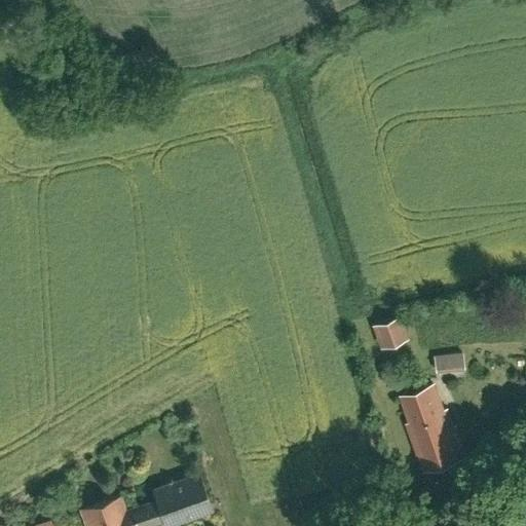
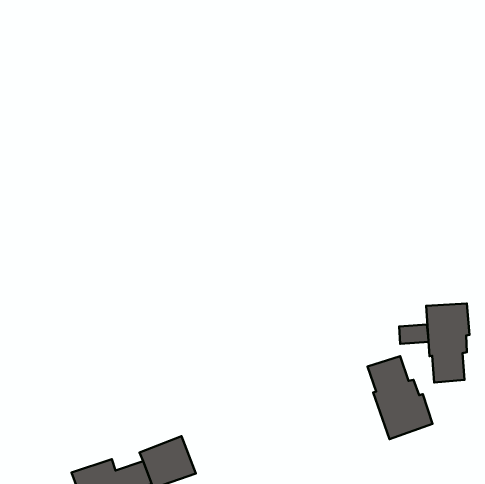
building: [372,315,407,348] -> none
building: none -> [426,303,470,383]

